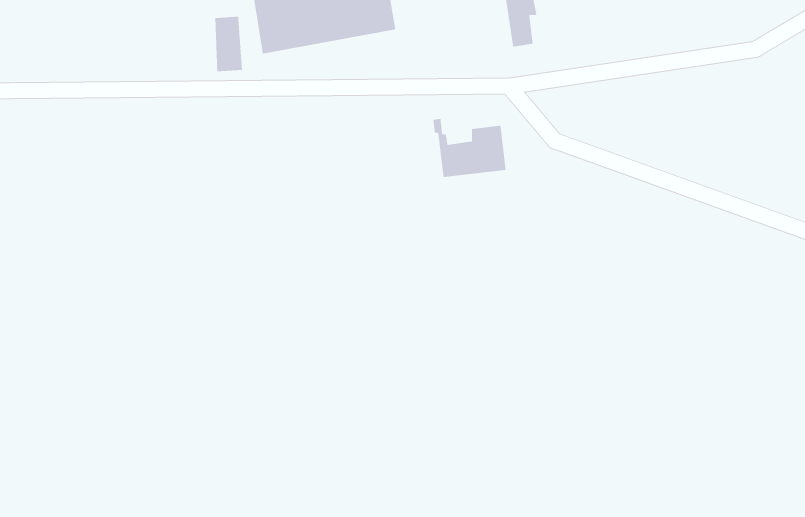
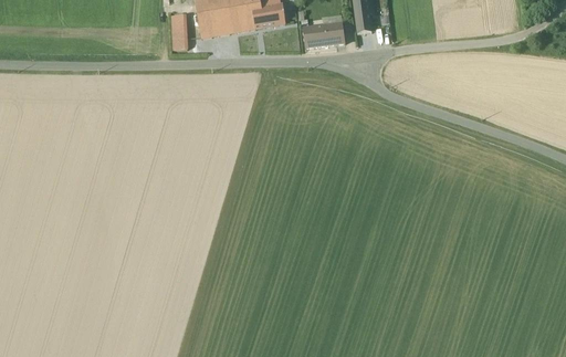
building: [432,118,506,178] -> [298,10,345,48]

